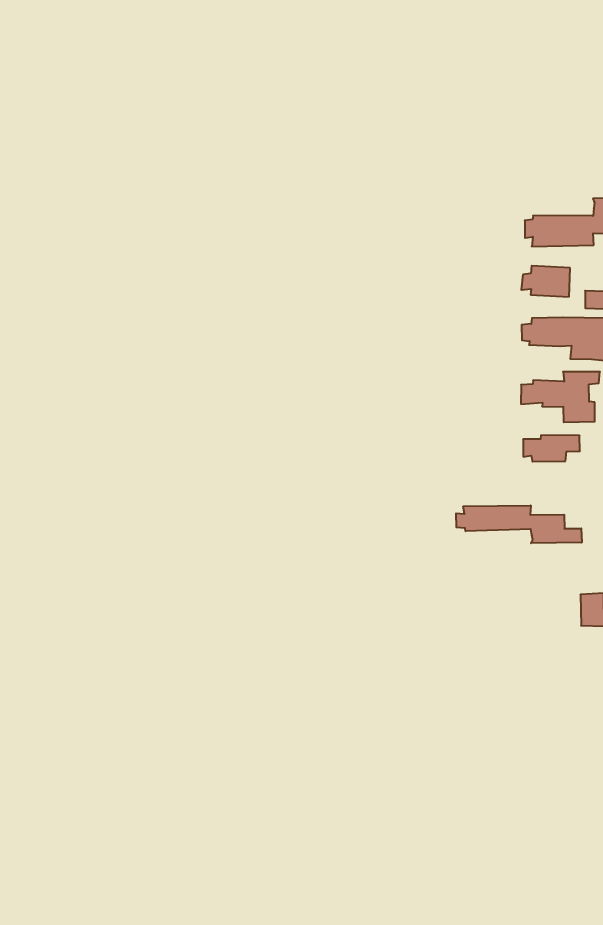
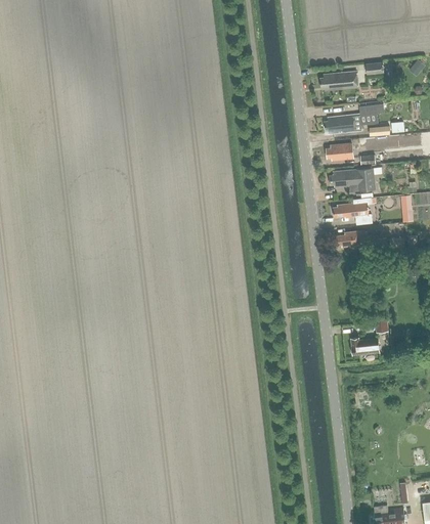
building: none -> [318,70,356,90]
building: [456,505,582,543] -> none
building: none -> [350,338,378,354]

